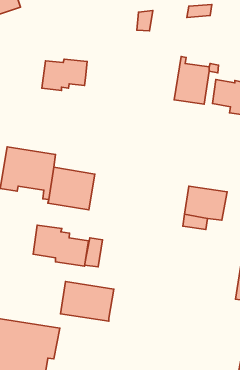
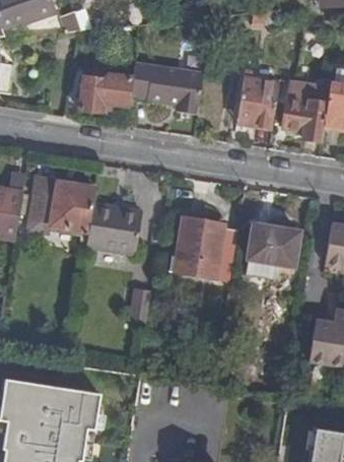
building: none -> [130,62,202,113]
building: none -> [175,216,237,276]
building: [33,225,89,266] -> none
building: [60,282,114,321] -> none

